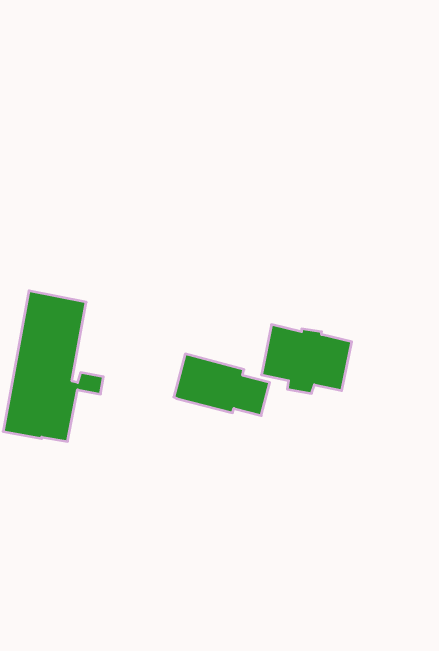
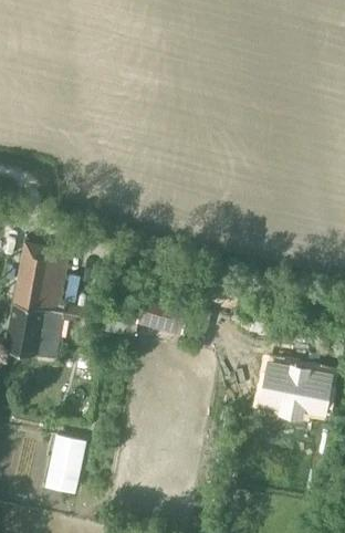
building: [261,325,352,393] -> [265,364,335,417]
building: none -> [44,436,86,494]

